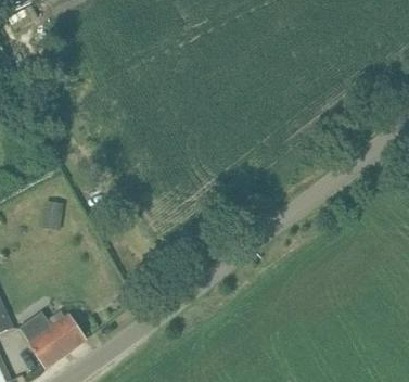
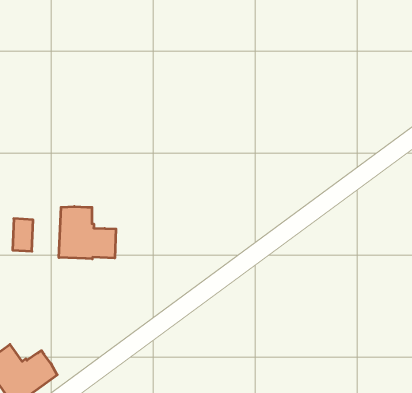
building: none -> [59,206,116,259]

